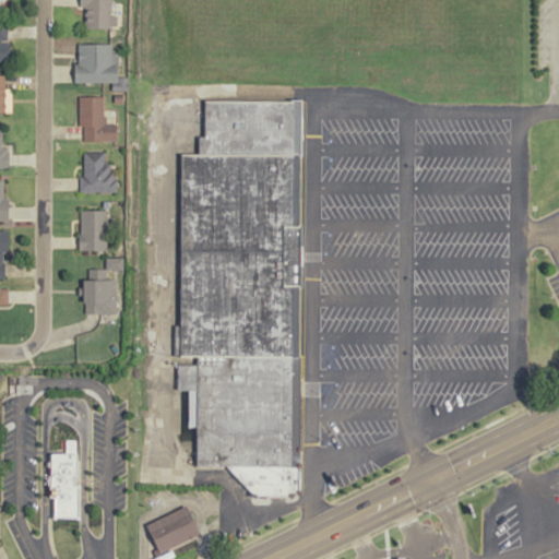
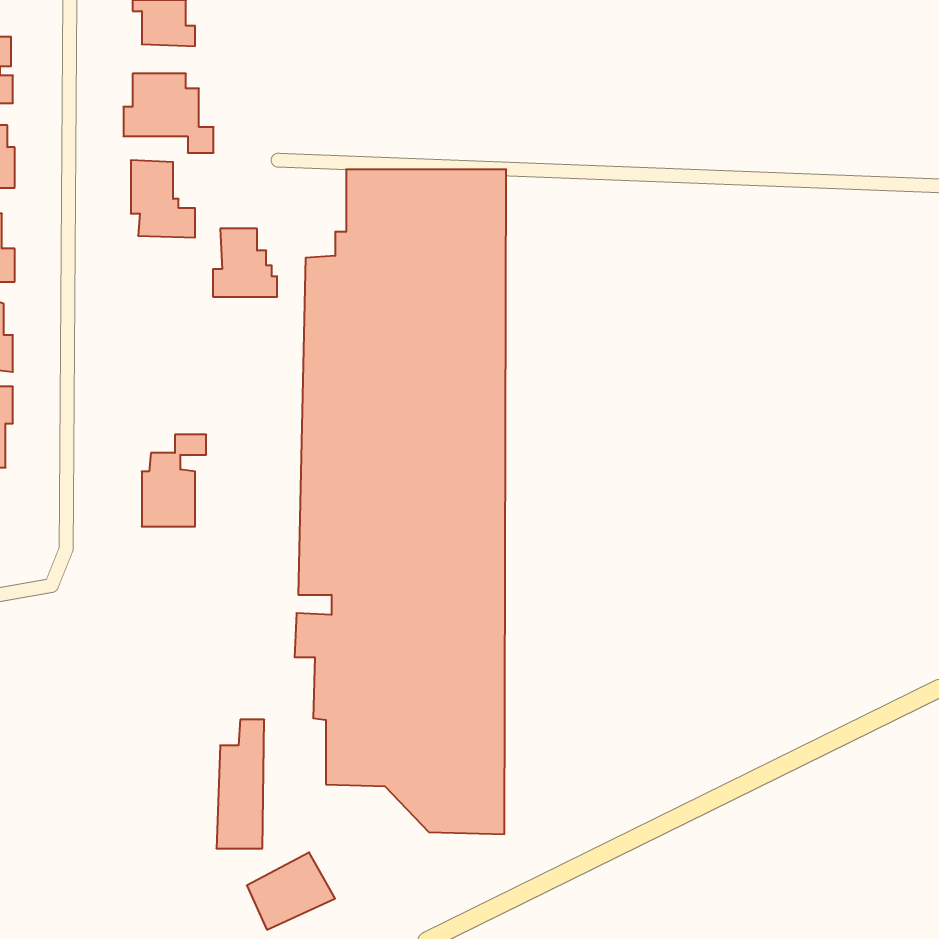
building: [78,152,116,192] -> [213,229,277,297]
building: [78,210,106,251] -> none
building: [50,440,79,516] -> [216,720,264,848]

